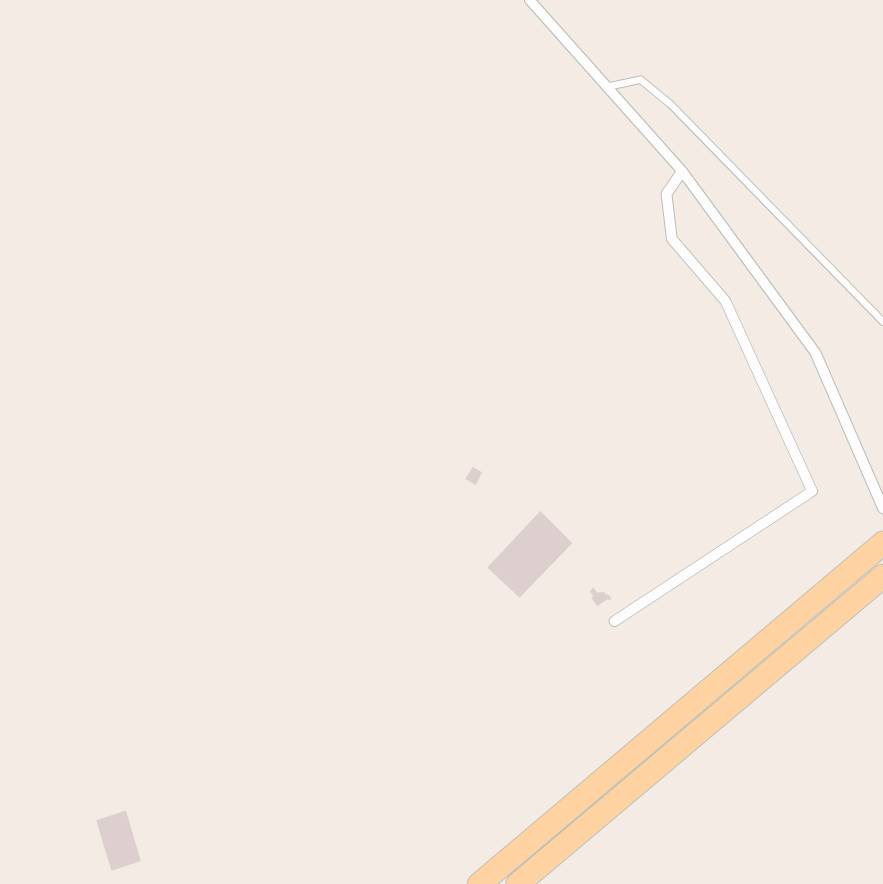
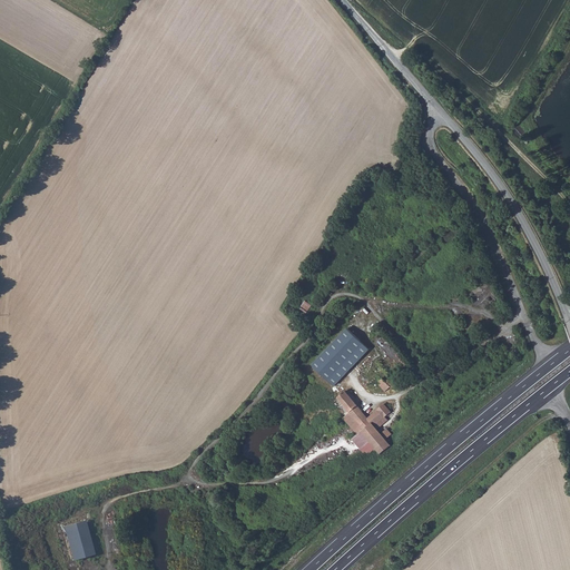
building: none -> [336,391,390,452]

